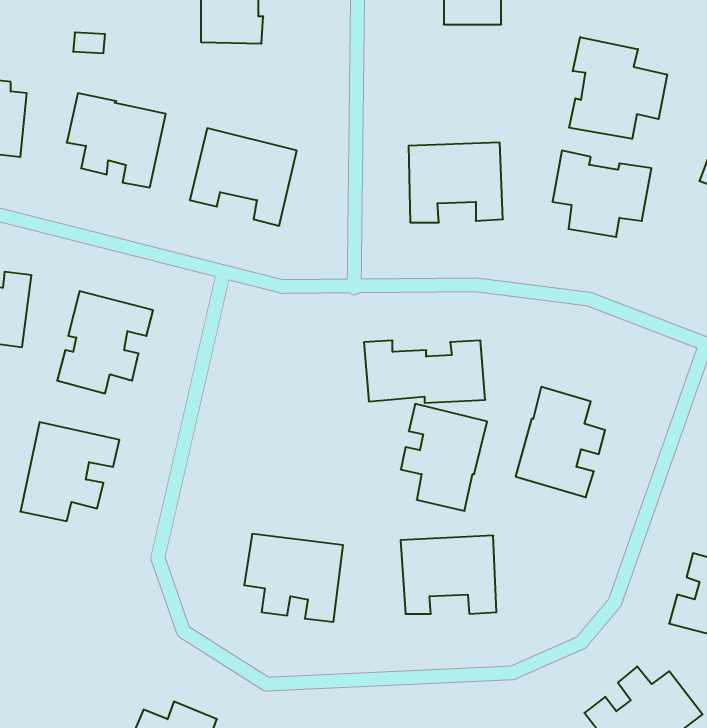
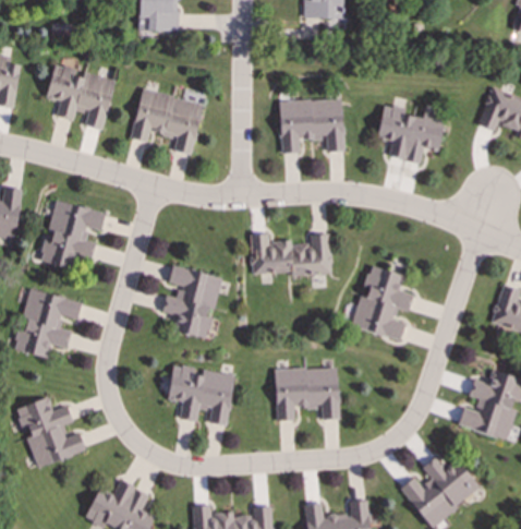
building: [569,37,667,139] -> none
building: [401,404,487,511] -> [163,265,222,338]
building: none -> [15,396,86,468]

